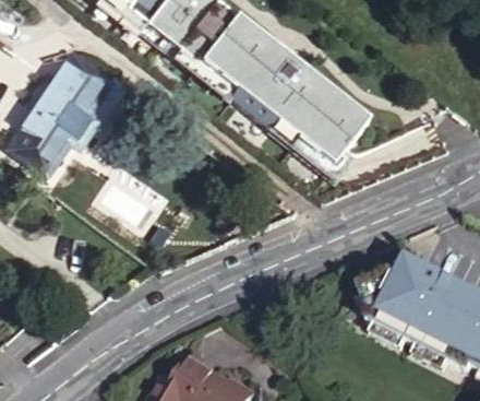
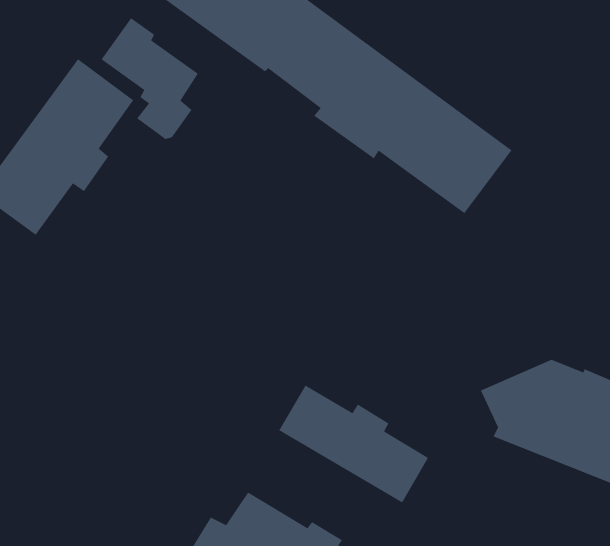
building: none -> [100,17,199,140]
building: none -> [278,384,429,503]

